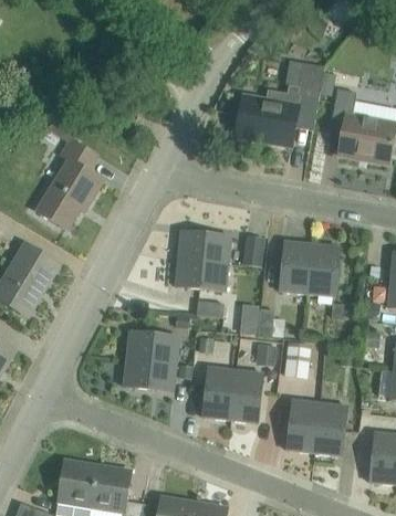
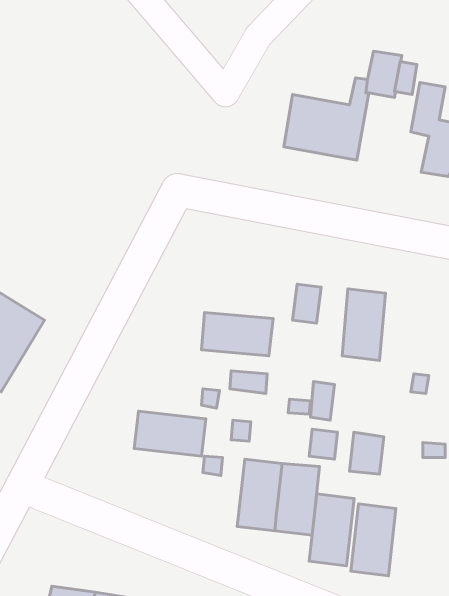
building: [37,116,104,229] -> none
building: [178,230,231,262] -> none
building: [308,243,340,295] -> none
building: [123,358,176,390] -> none
building: [314,402,347,455] -> [309,494,354,566]

